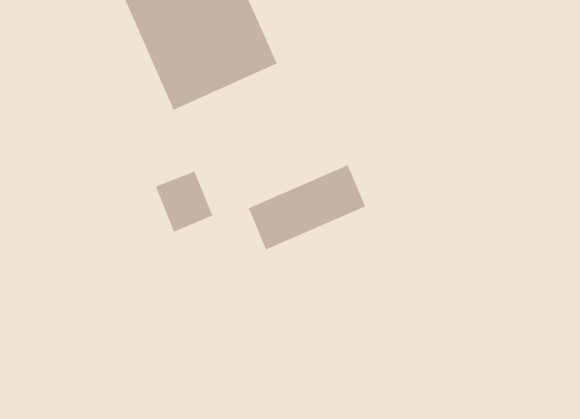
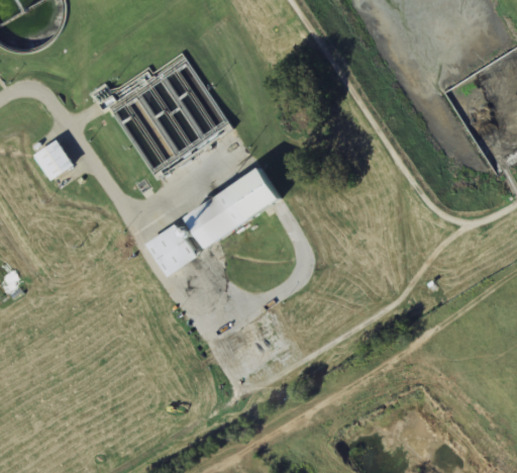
building: none -> [33,136,73,177]
building: [248,164,366,251] -> [186,166,281,245]

